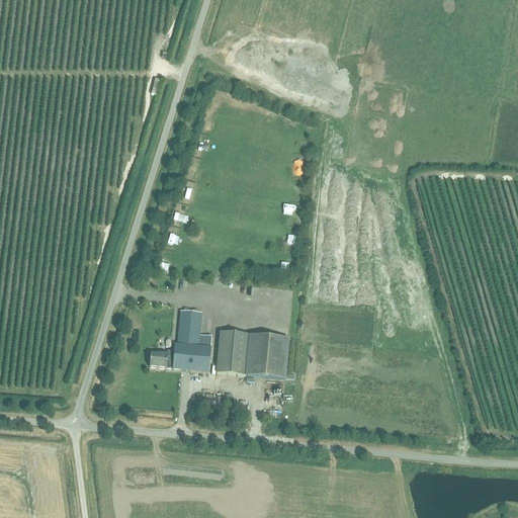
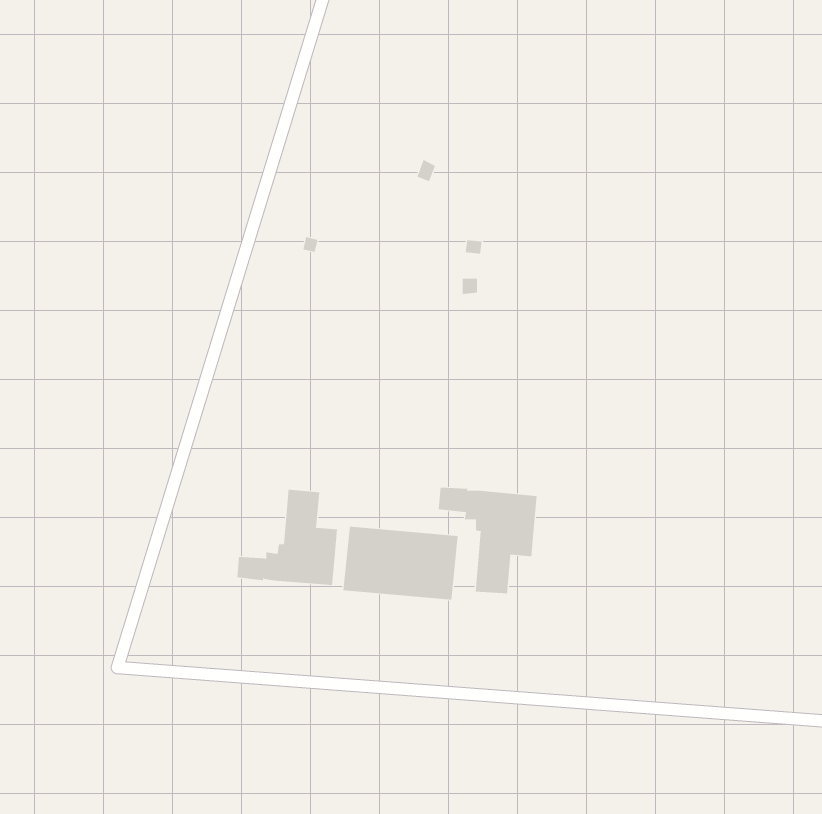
building: none -> [438,487,537,594]

